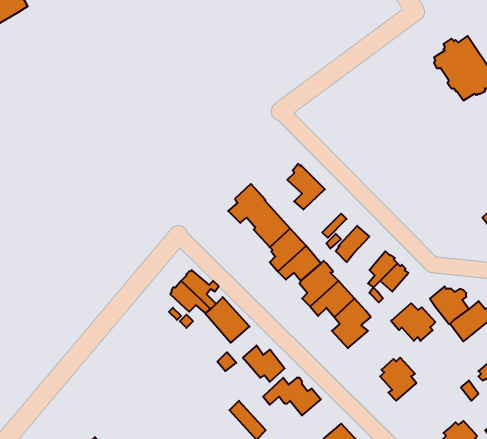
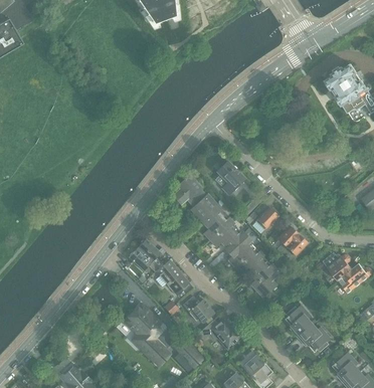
building: [391,303,435,341] -> [298,324,331,352]
building: none -> [125,304,165,361]

